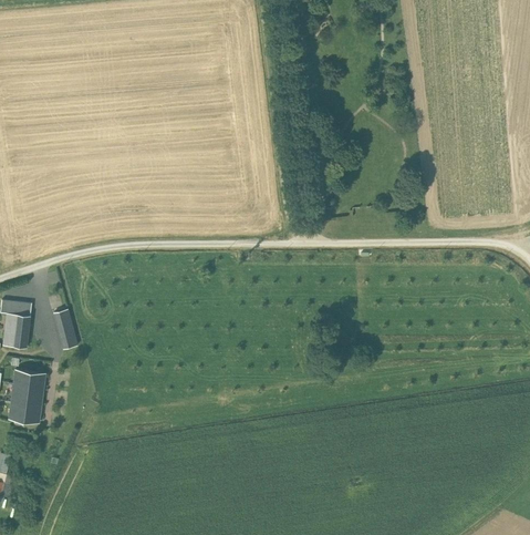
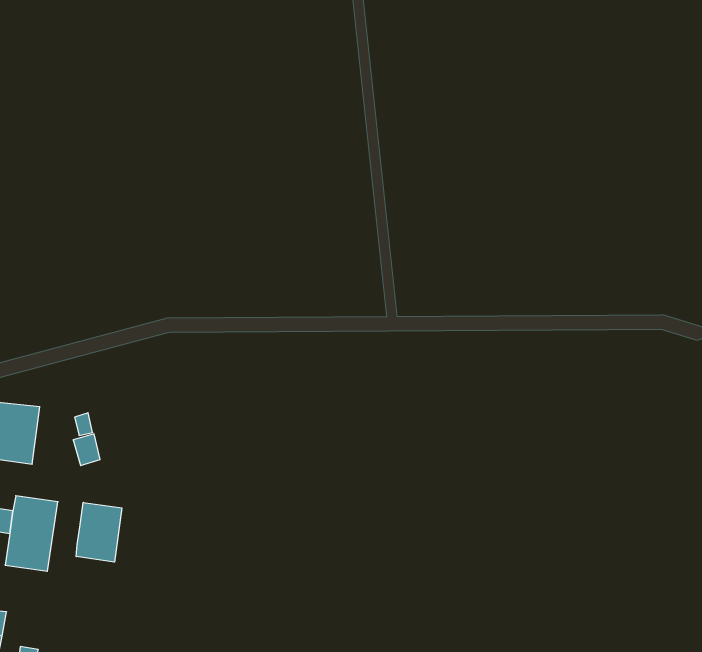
building: none -> [76,502,122,562]

